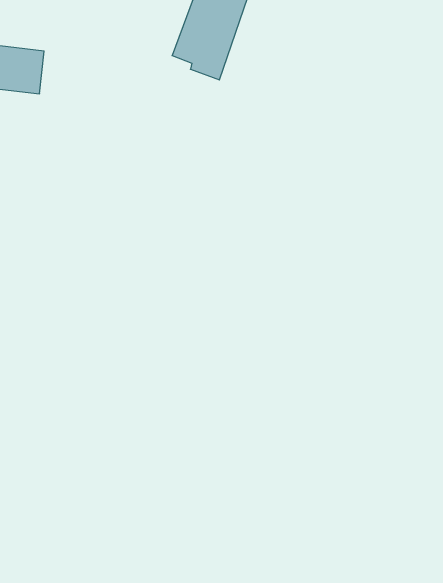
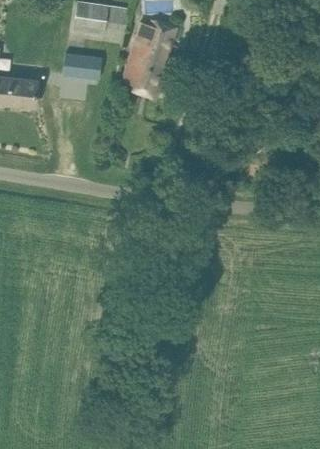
building: none -> [62,53,104,80]

